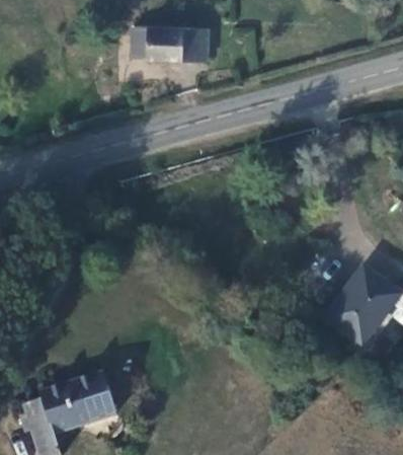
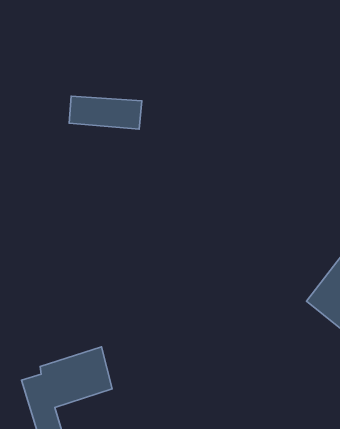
building: [135,30,211,65] -> [69,96,142,129]

